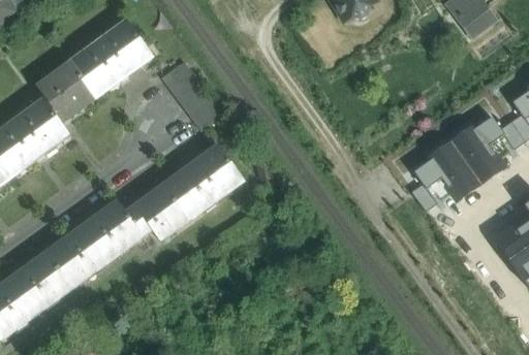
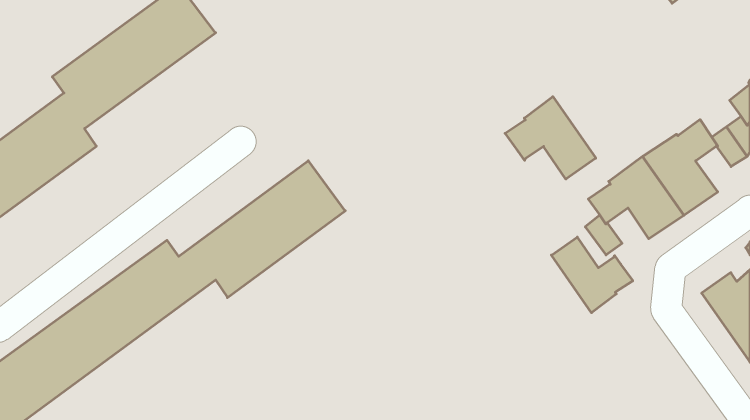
building: [162,61,221,128] -> none
building: none -> [505,97,596,179]
building: none -> [551,237,633,313]

